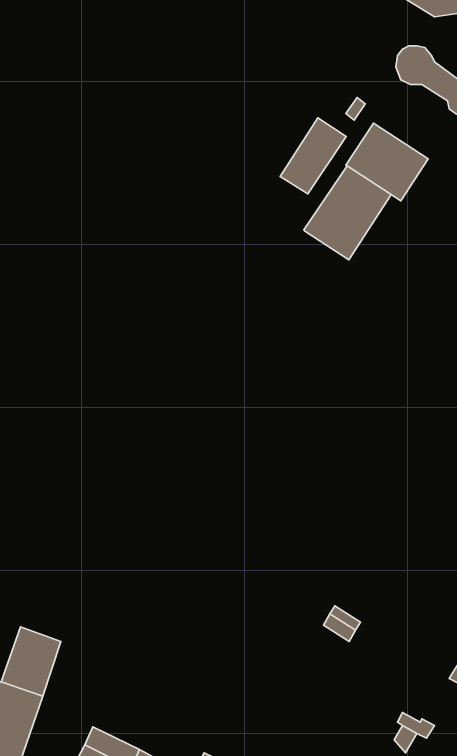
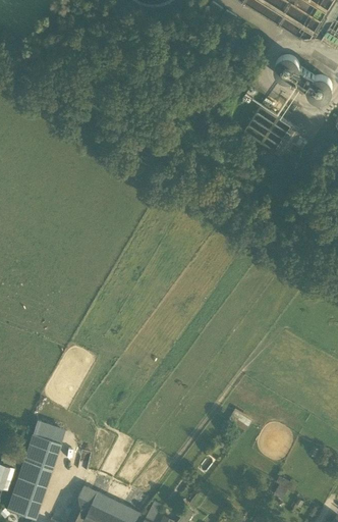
building: [280,118,346,194] -> none
building: [304,166,391,260] -> none

